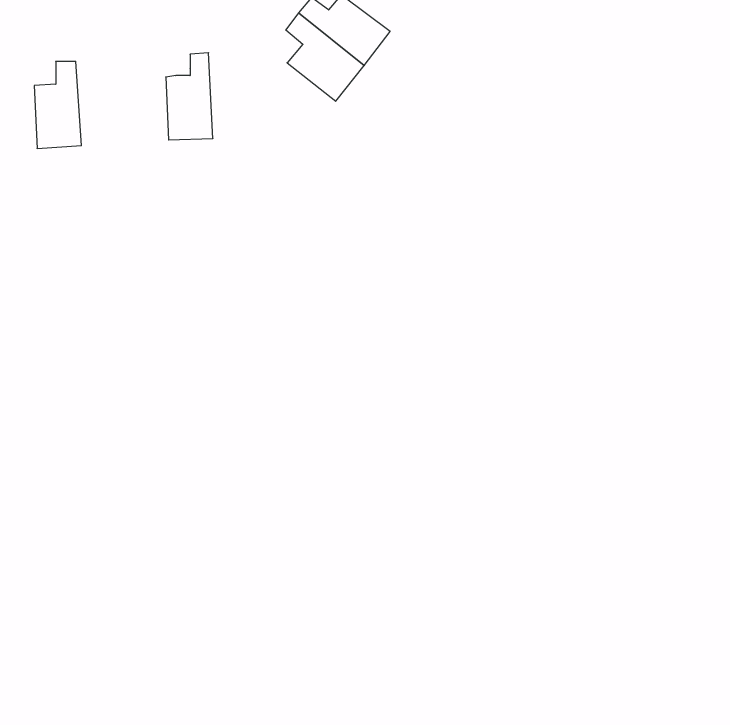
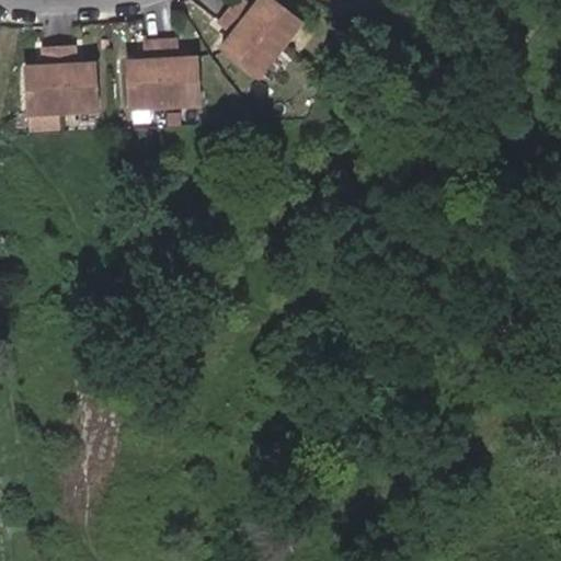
building: none -> [160,41,198,106]
building: none -> [58,45,95,112]

